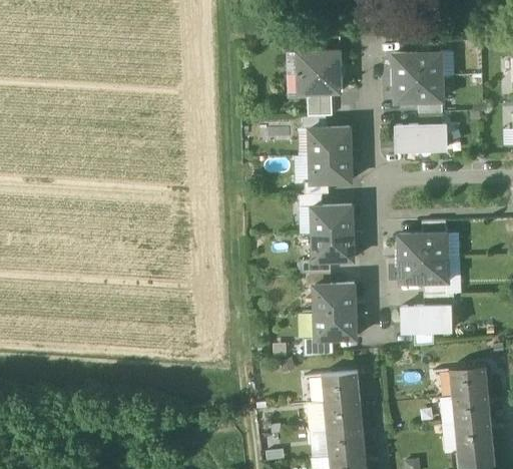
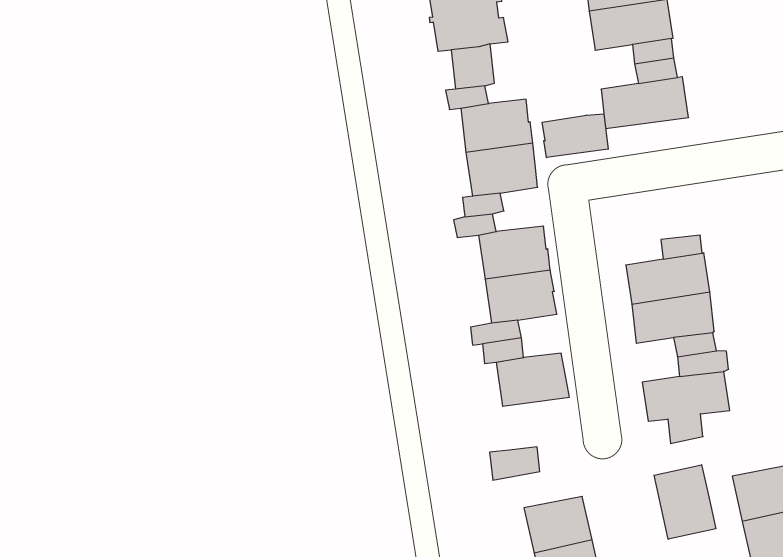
building: none -> [542,114,608,158]
building: [315,312,356,340] -> none
building: none -> [654,465,716,539]

